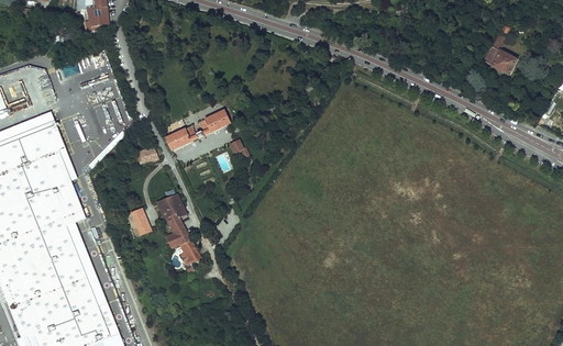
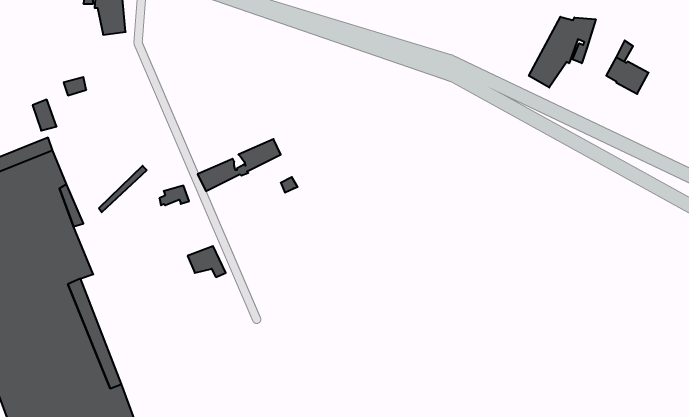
building: none -> [529,17,596,88]
building: [124,208,151,237] -> none
building: [163,211,202,271] -> none

